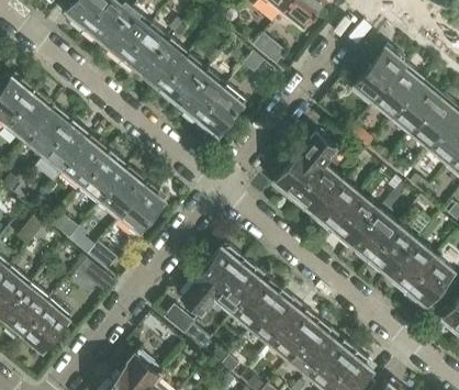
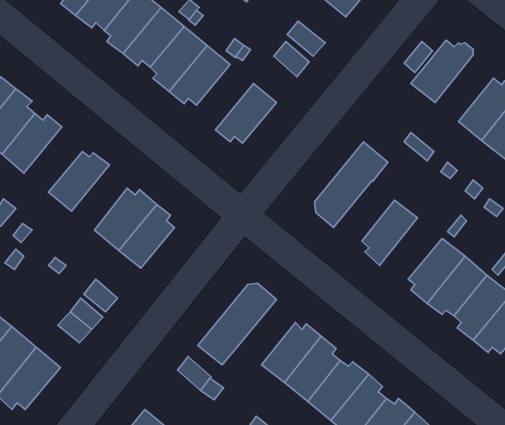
building: [374,63,422,116] -> none
building: [181,70,227,123] -> none
building: [42,121,89,174] -> none
building: [80,152,125,204] -> none
building: [292,165,342,213] -> none
building: [329,194,380,244] -> none
building: [215,260,261,313] -> none

